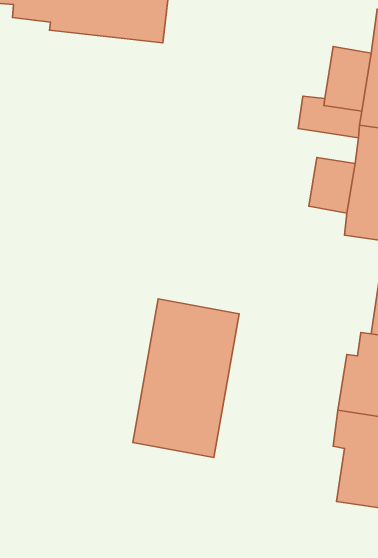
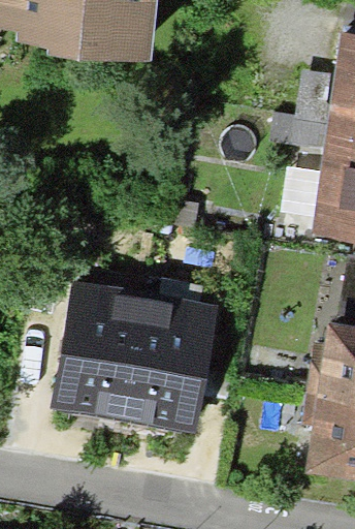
building: none -> [51,280,147,421]

